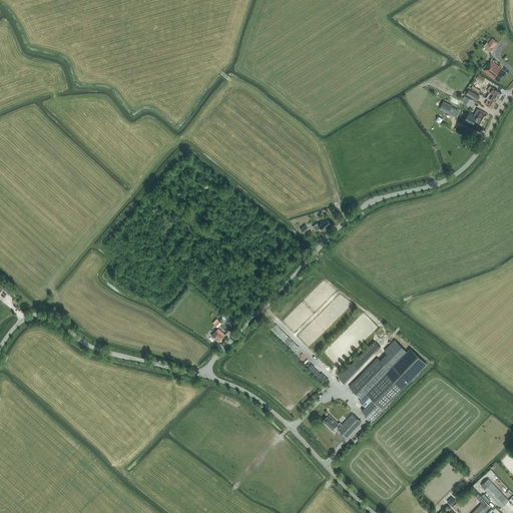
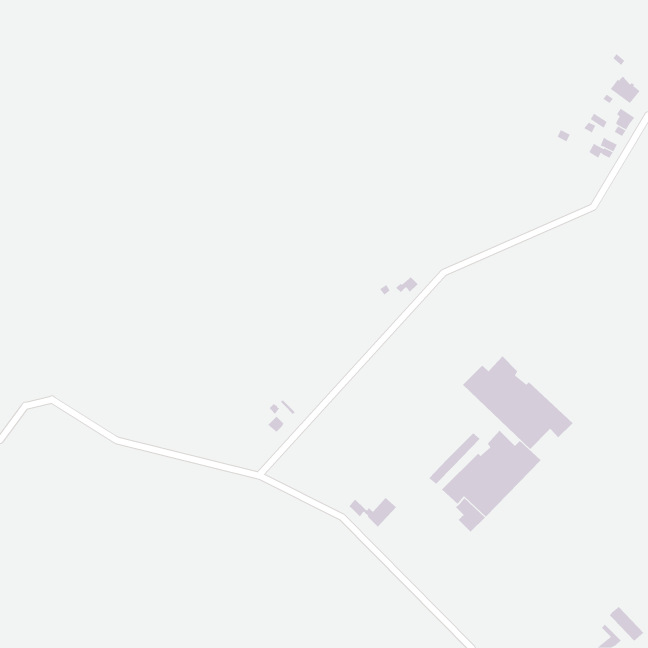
building: none -> [462,355,573,450]
building: [324,414,362,438] -> [349,497,397,528]

